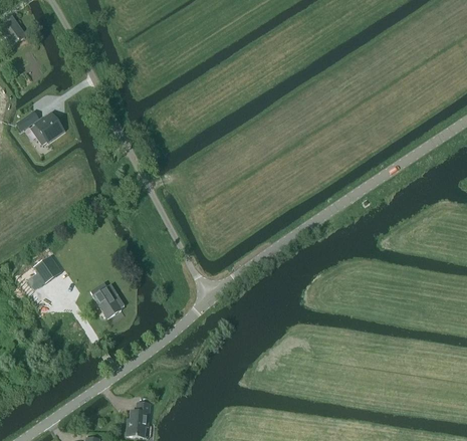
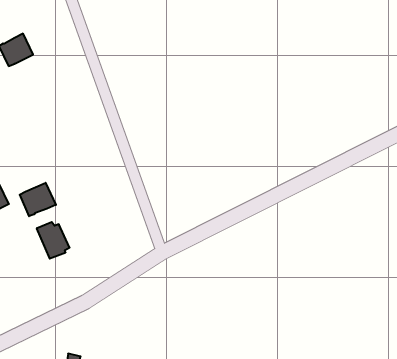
building: none -> [20,183,56,216]

